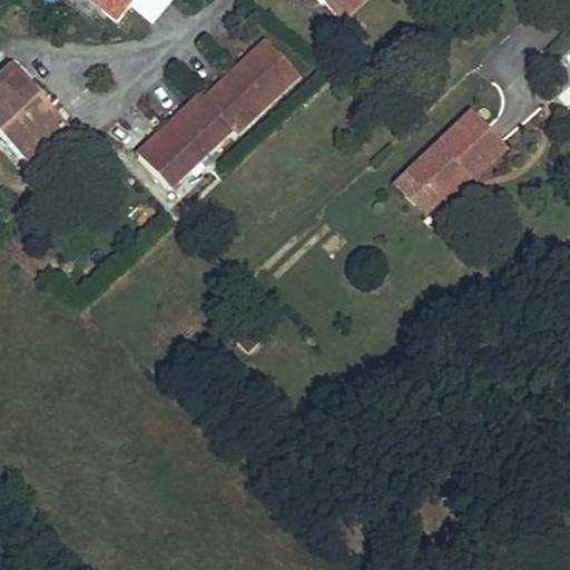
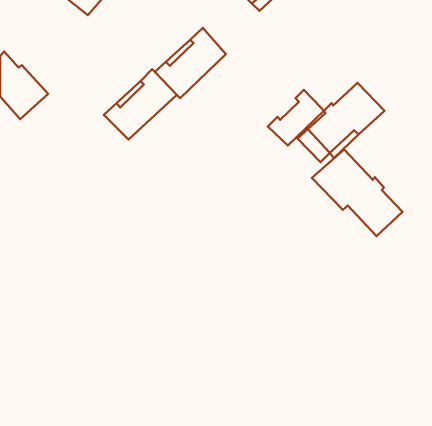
building: none -> [268,90,324,145]
building: none -> [312,149,403,236]

